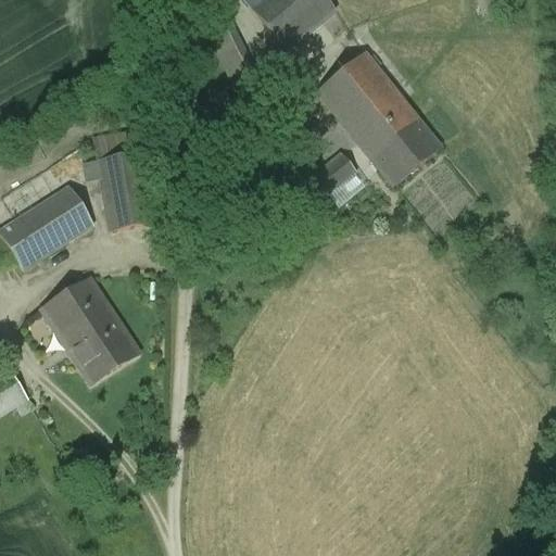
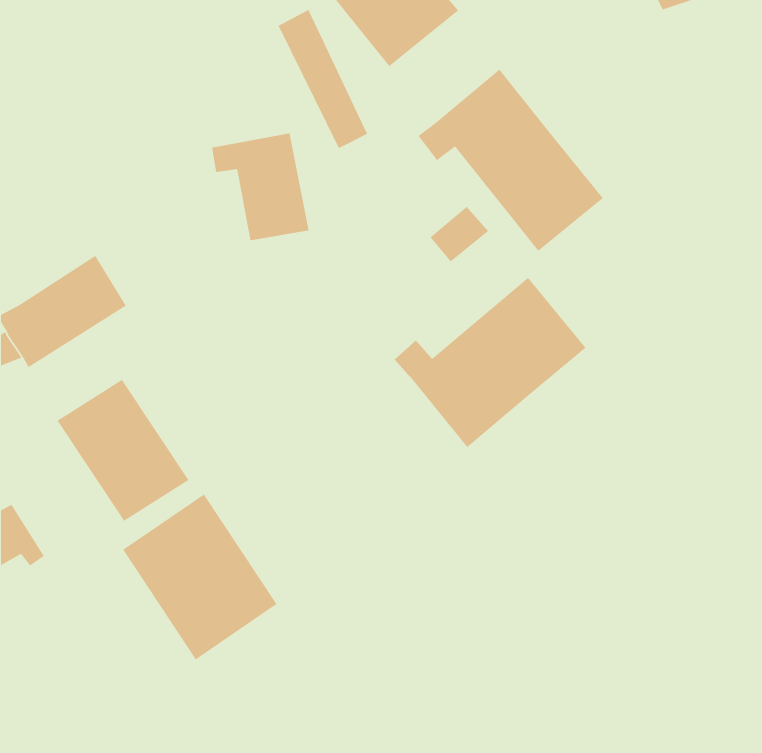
building: [81,149,153,228] -> [211,132,309,241]
building: none -> [394,277,587,448]
building: none -> [122,493,277,660]

